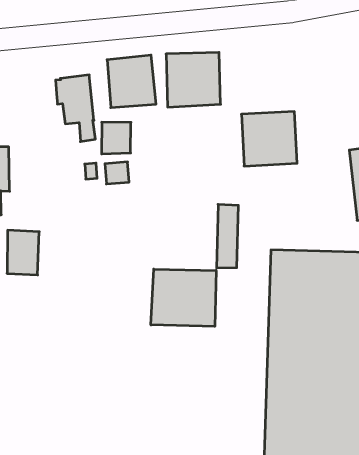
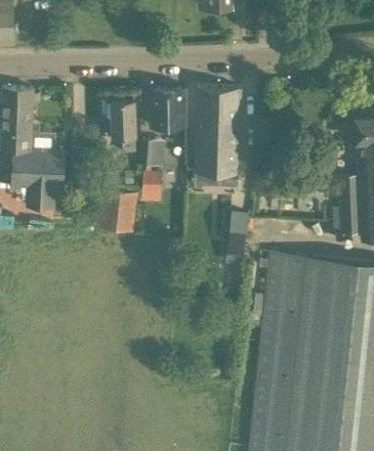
building: [241,112,297,166] -> [195,132,239,175]
building: [7,230,39,275] -> [106,193,134,231]
building: [151,269,216,326] -> none

